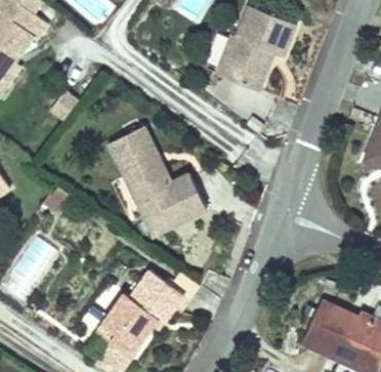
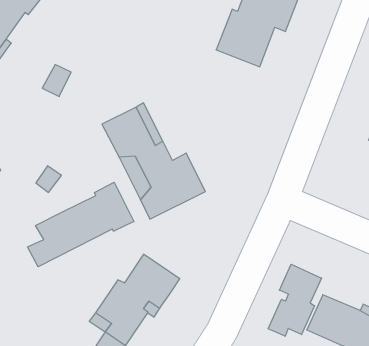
building: none -> [28,182,134,267]
building: none -> [268,264,322,336]

